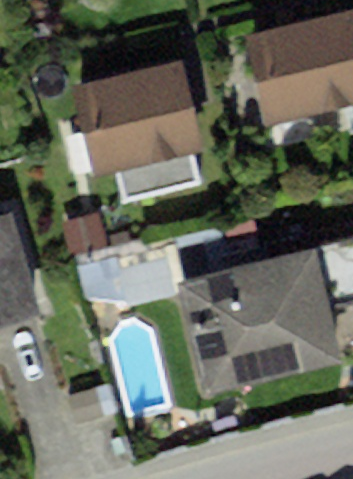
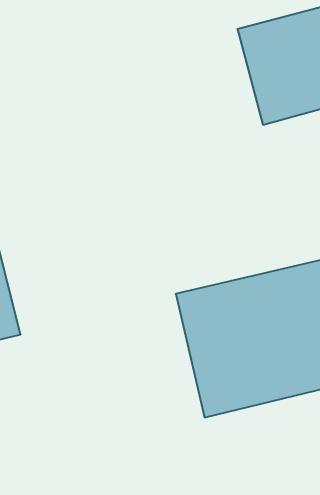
building: [68,56,203,180] -> none

